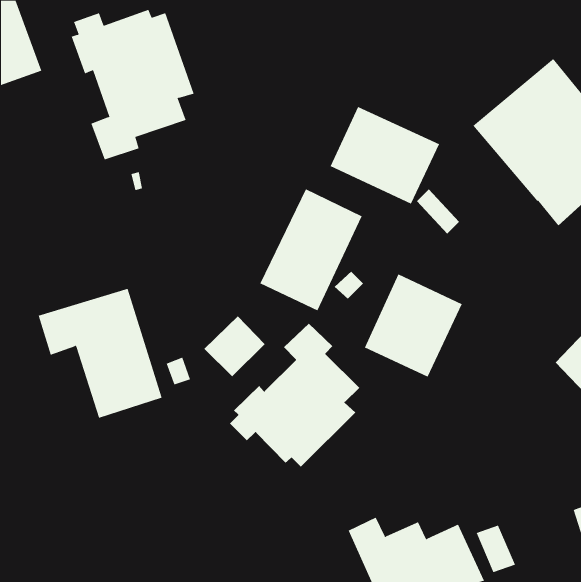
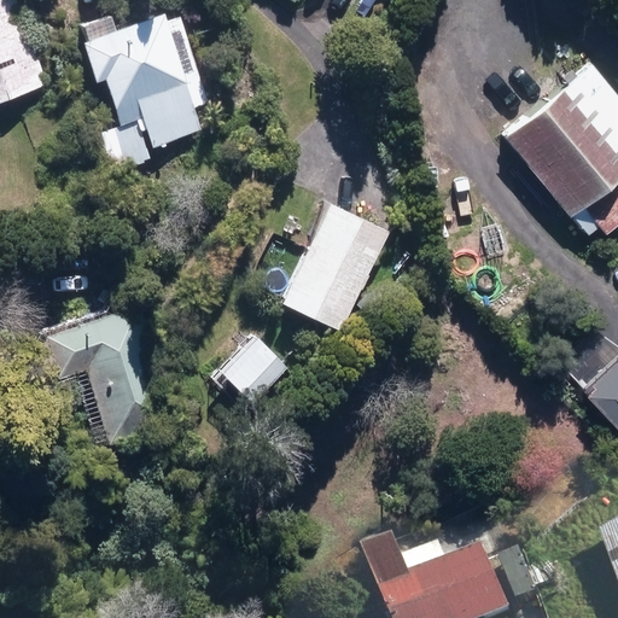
building: [330,106,440,205] -> none
building: [364,273,463,378] -> none
building: [229,323,360,467] -> none

